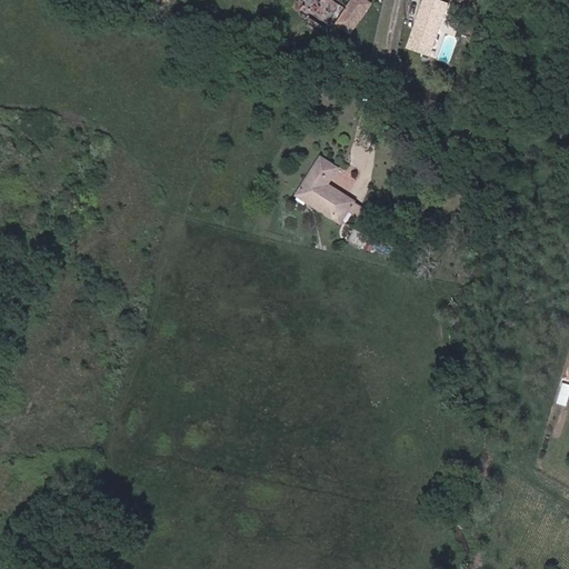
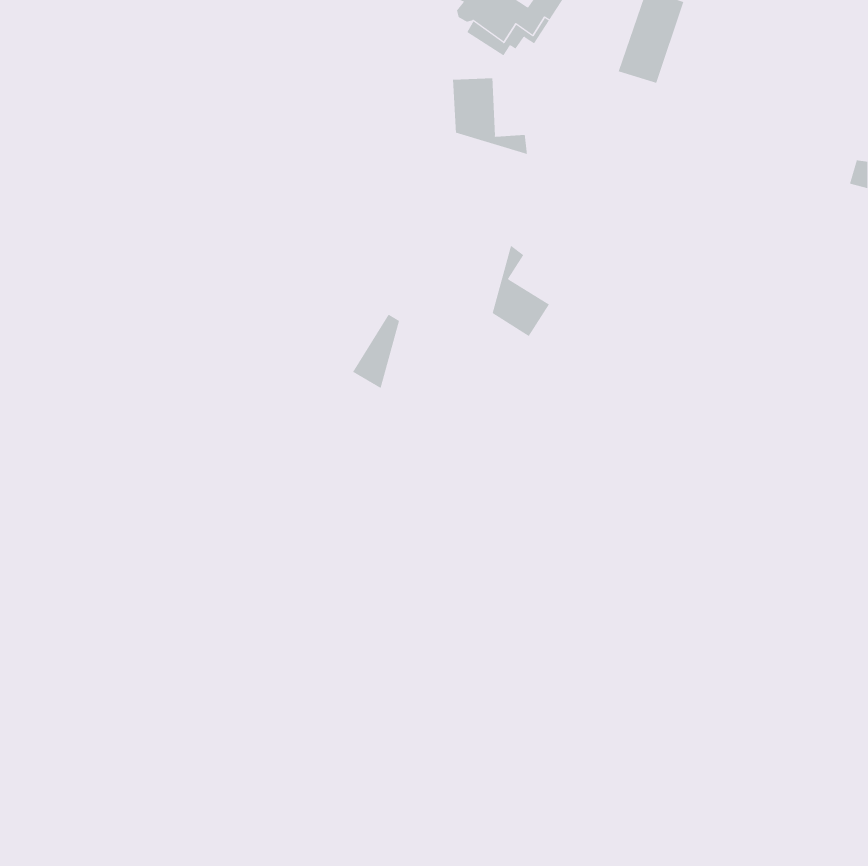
building: none -> [453,77,528,155]
building: [302,156,333,204] -> [352,314,400,389]

